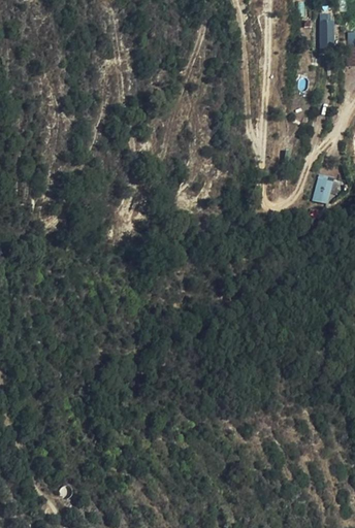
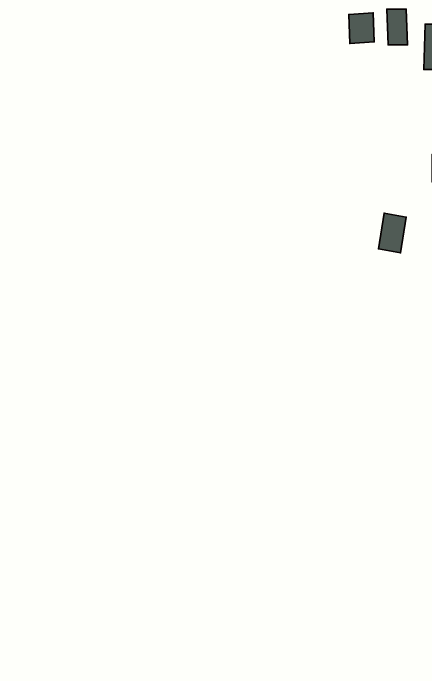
building: none -> [349,13,374,44]

